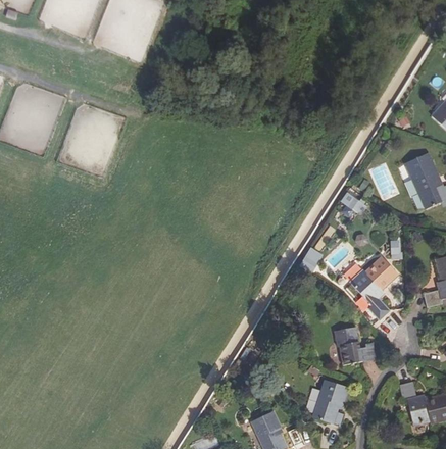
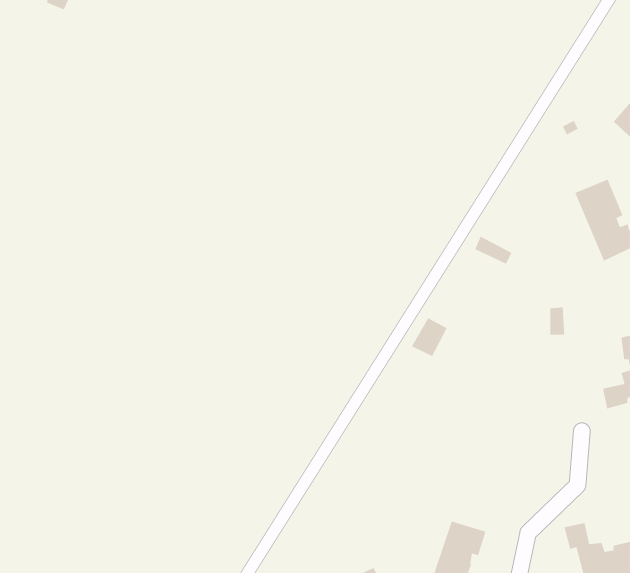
building: [350,256,398,318] -> none
building: [335,326,375,364] -> none

